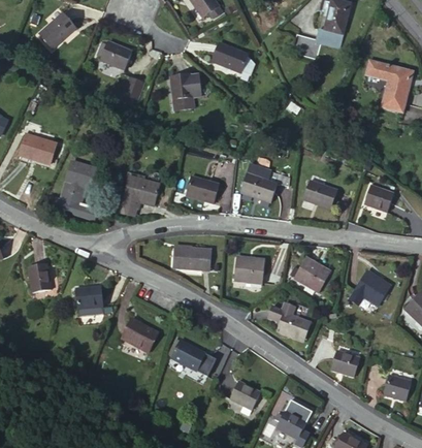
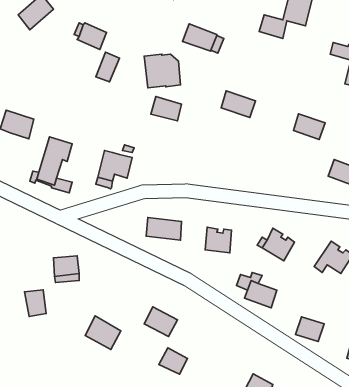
building: [241,173,278,201] -> [221,91,256,118]
building: [187,177,219,202] -> [151,96,181,121]
building: [304,181,337,207] -> [294,114,325,139]
building: [28,263,51,291] -> [24,290,46,317]
building: [122,317,159,352] -> [85,316,121,349]
building: [230,381,260,409] -> [159,348,187,374]

